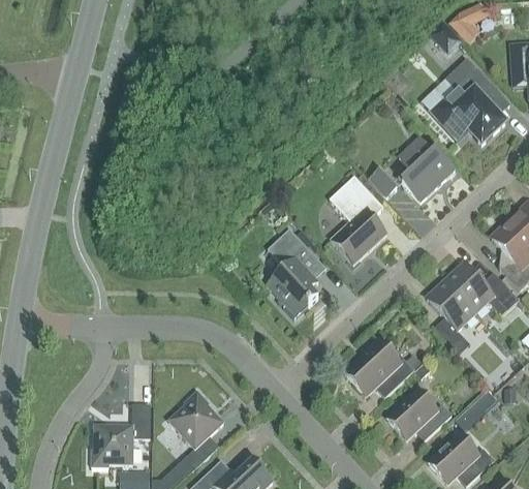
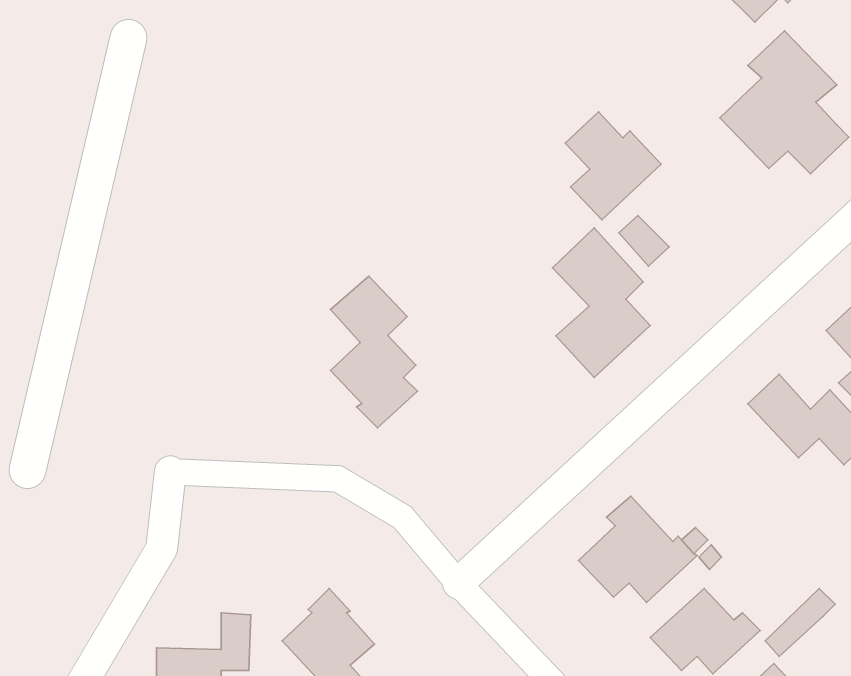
building: [398,137,455,202] -> [565,112,661,220]
building: [267,228,318,318] -> [330,276,418,428]
building: [426,280,474,354] -> none

